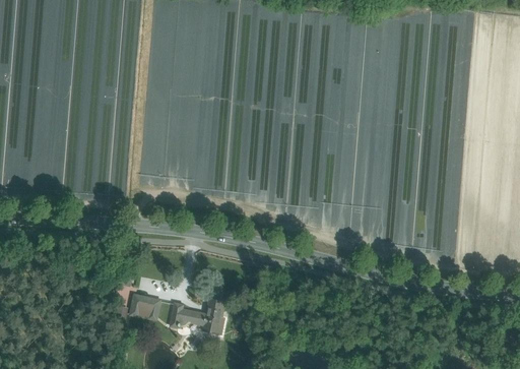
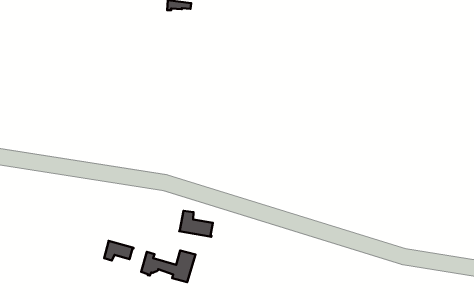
building: none -> [179,211,213,237]

